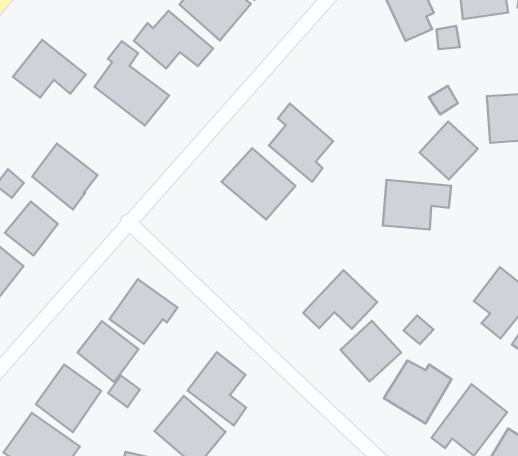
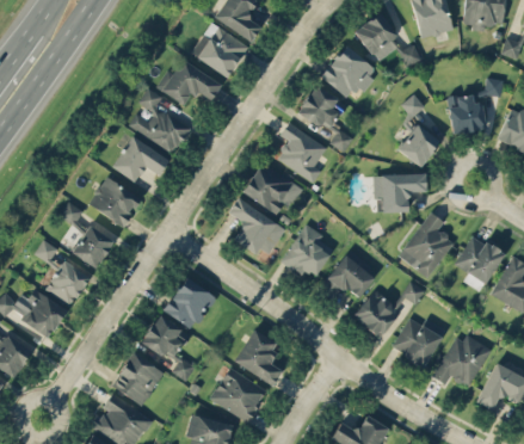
building: none -> [320,45,378,98]
building: [13,40,86,98] -> [111,136,169,183]
building: none -> [297,86,355,153]
building: none -> [227,198,285,255]
building: none -> [282,224,332,277]
building: none -> [399,212,454,278]

